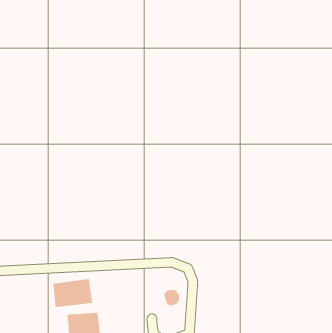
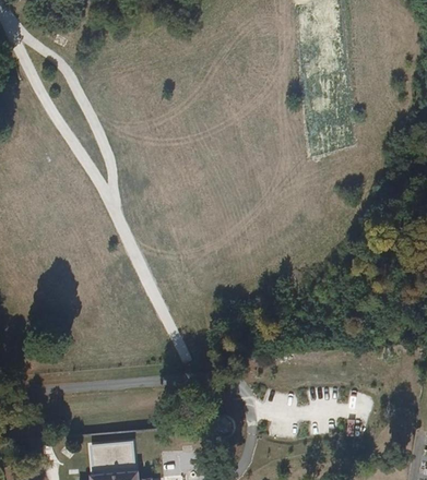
building: [52,278,93,308] -> none

